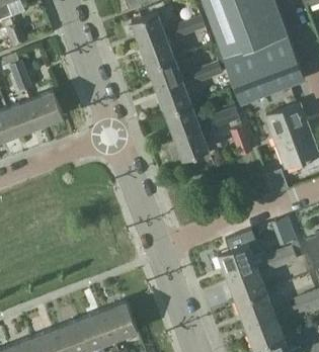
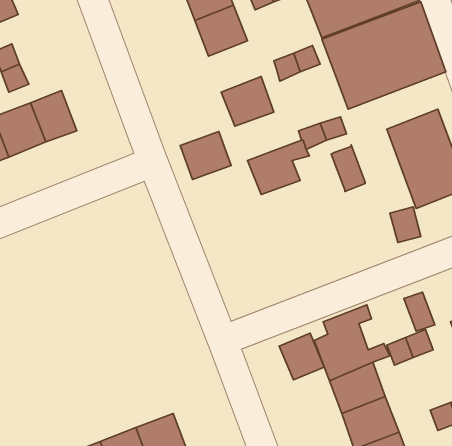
building: [149,59,183,92] -> none
building: [166,105,200,137] -> [180,131,231,180]
building: none -> [279,333,324,380]

